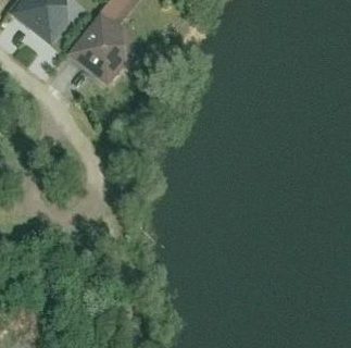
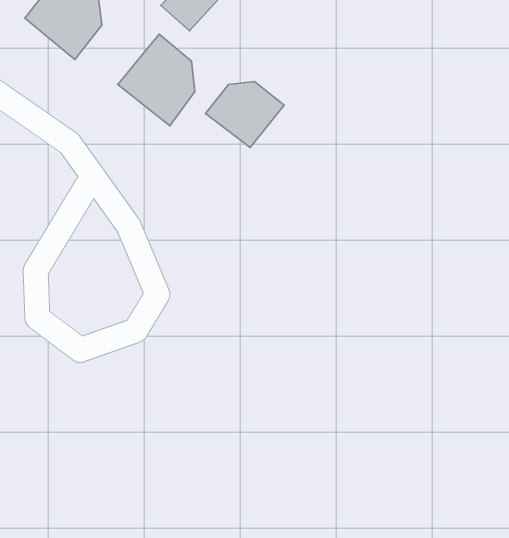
building: none -> [206,82,284,148]

